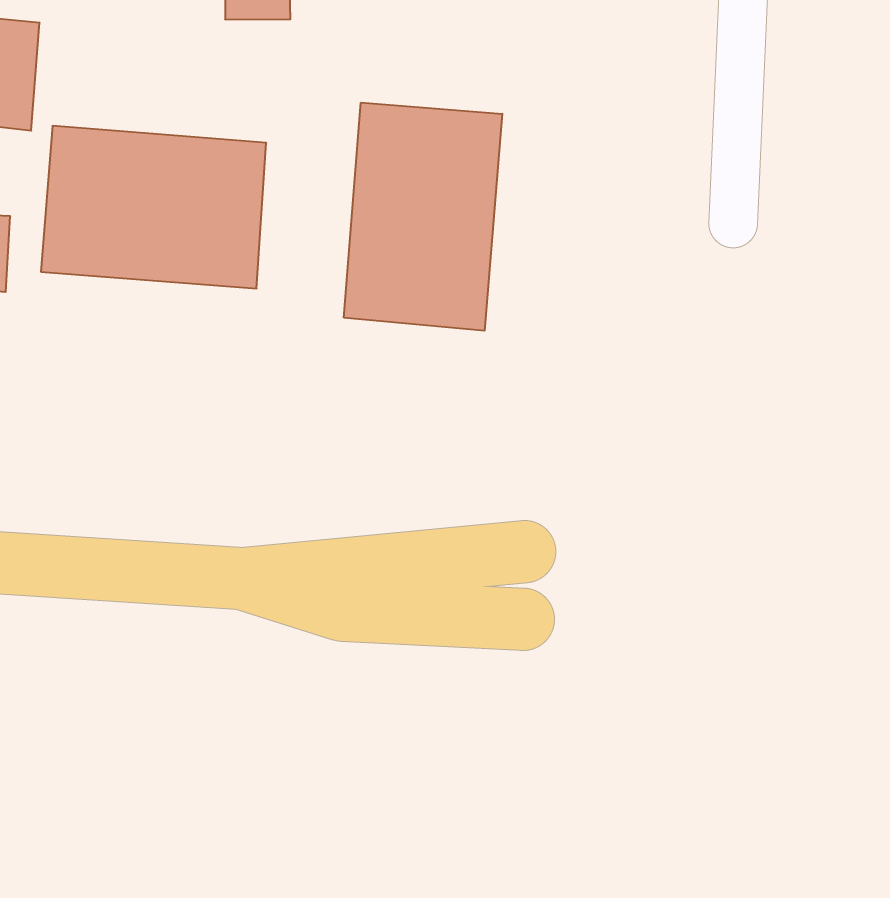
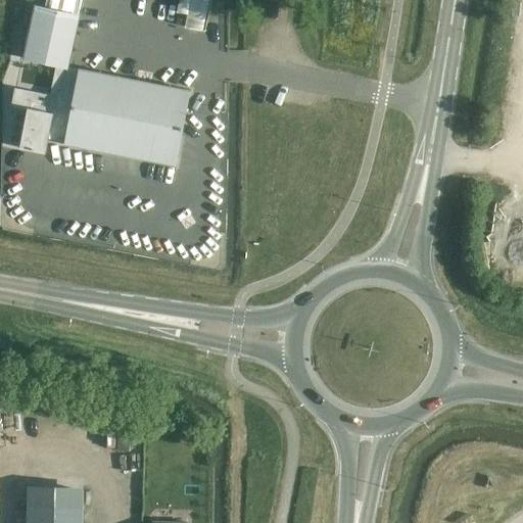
building: [344,103,502,331] -> none

